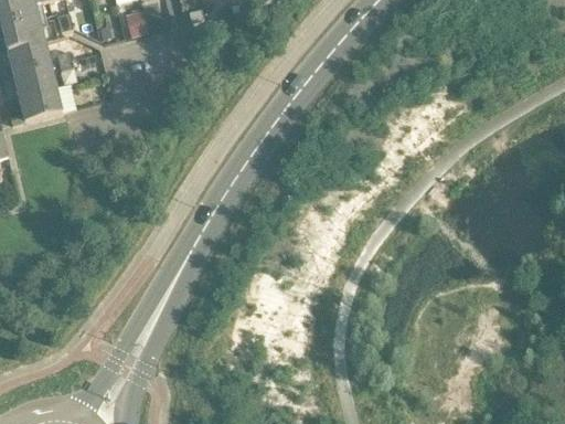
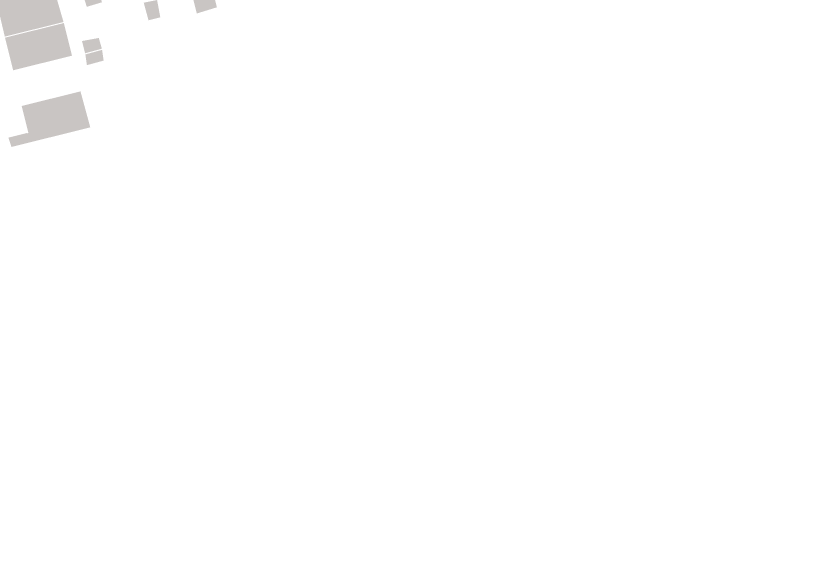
building: [12,61,57,94] -> none

